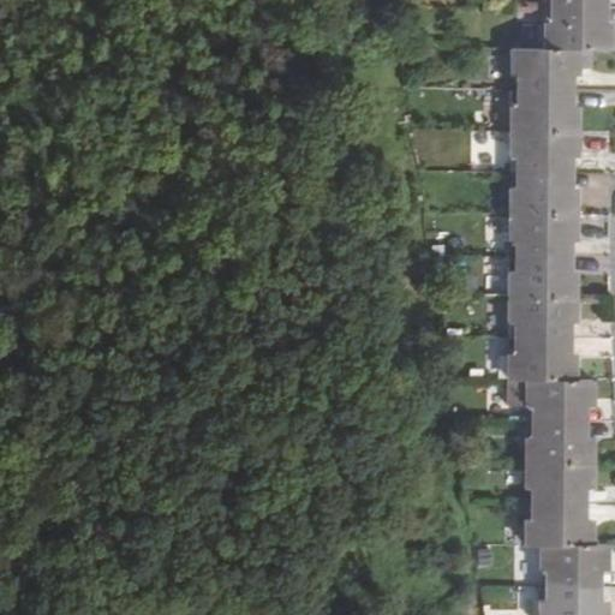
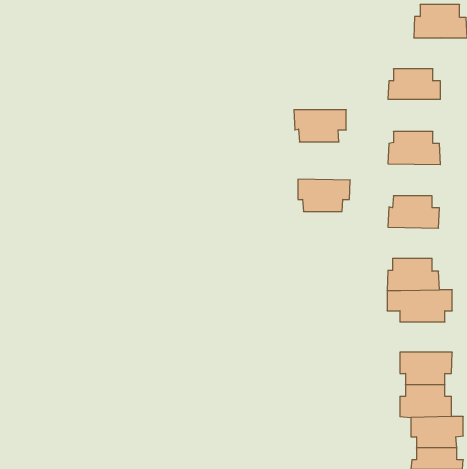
building: [512,48,580,90] -> none
building: [510,130,579,172] -> [294,110,346,142]
building: [510,214,579,256] -> [298,179,350,211]
building: [510,297,577,338] -> none
building: [526,420,595,460] -> none

